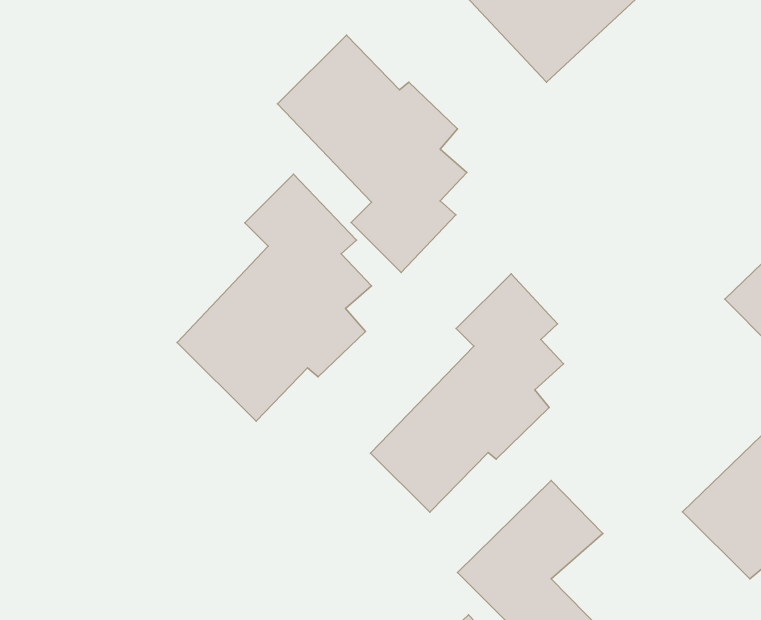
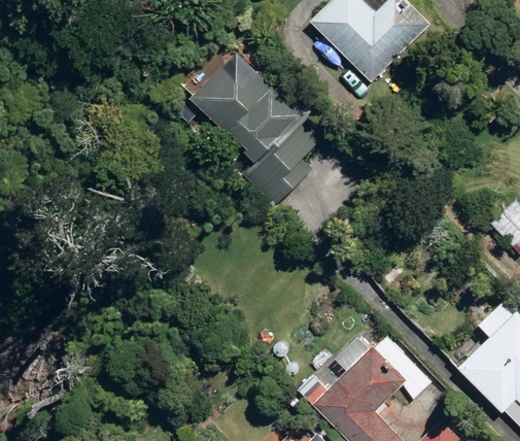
building: [177,174,372,421] -> none
building: [371,274,563,512] -> none

